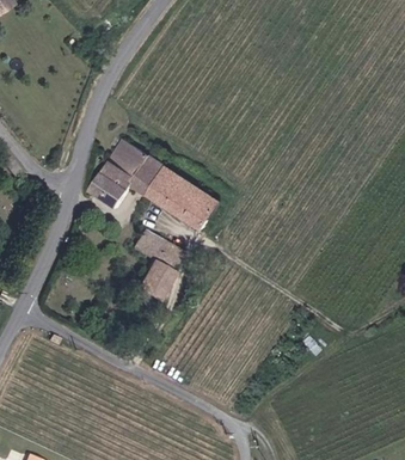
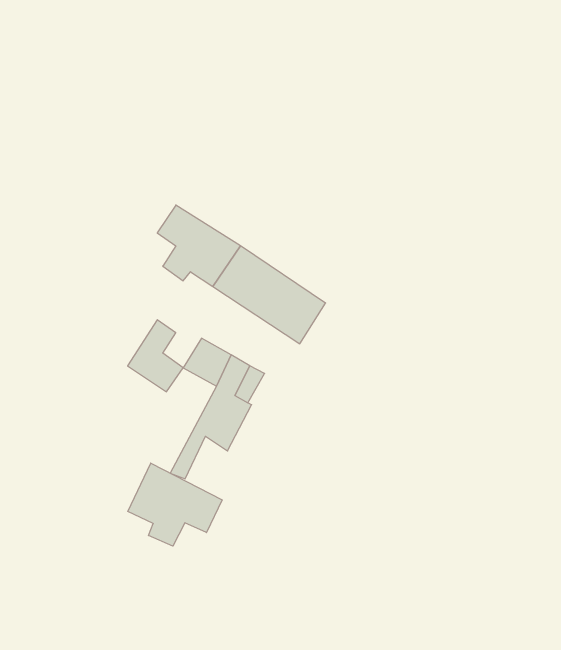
building: [92,159,128,206] -> [128,320,183,392]
building: none -> [128,463,222,546]

